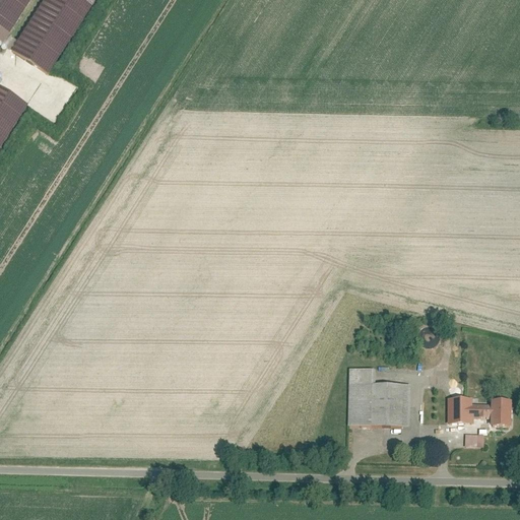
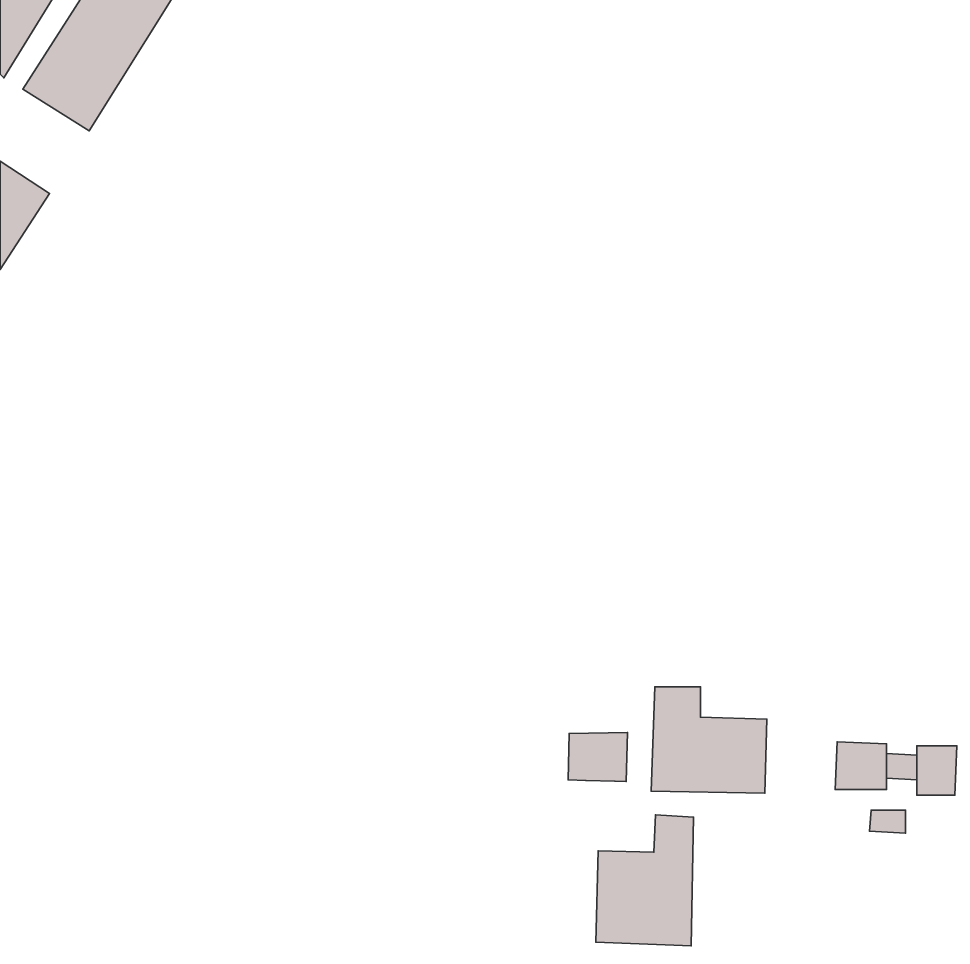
building: none -> [568,733,627,781]
building: none -> [596,815,694,946]

